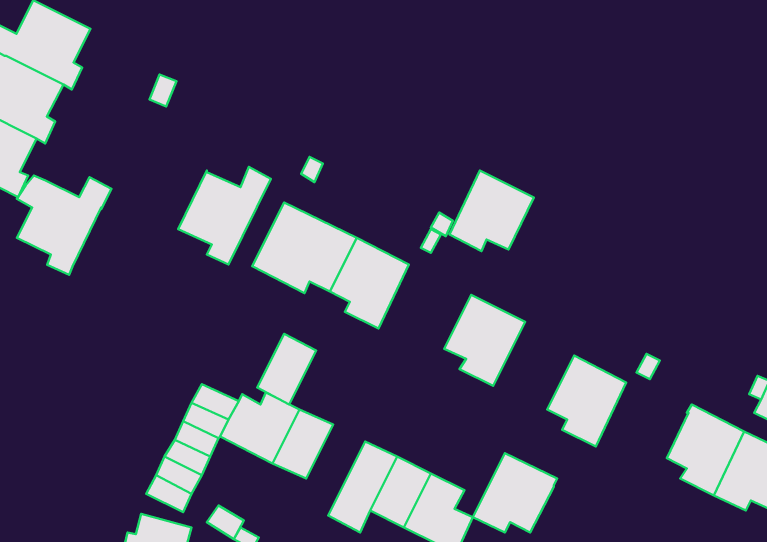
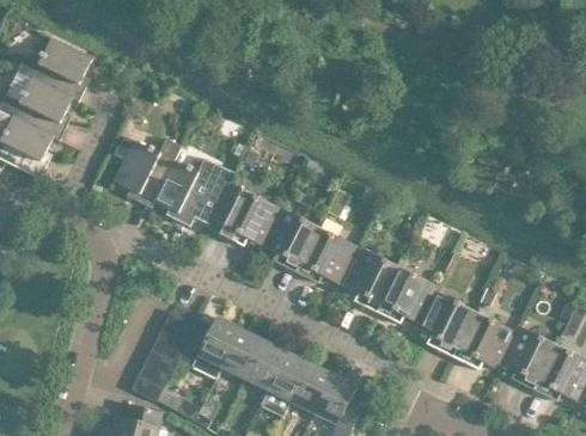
building: [449,170,534,251] -> [295,226,355,283]
building: [17,175,111,275] -> [114,136,181,207]
building: [257,334,316,404] -> [244,339,286,389]
building: none -> [454,312,515,369]
building: [473,453,557,532] -> [377,266,437,323]

